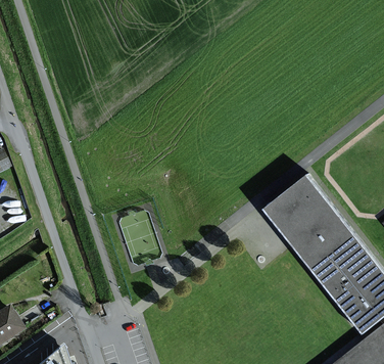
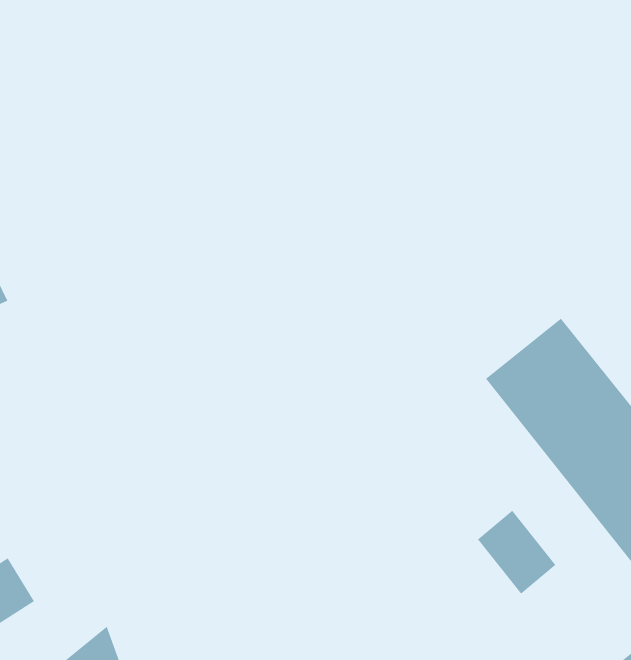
building: none -> [477,510,556,594]

